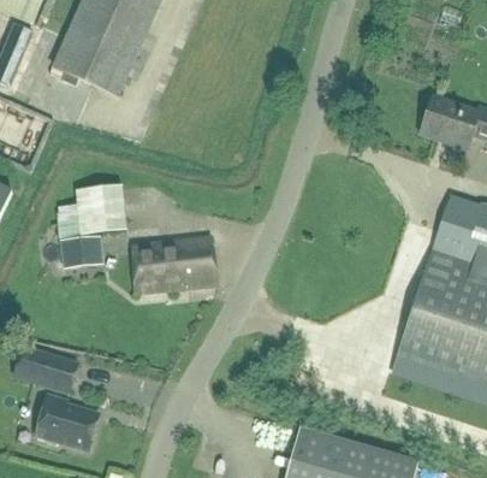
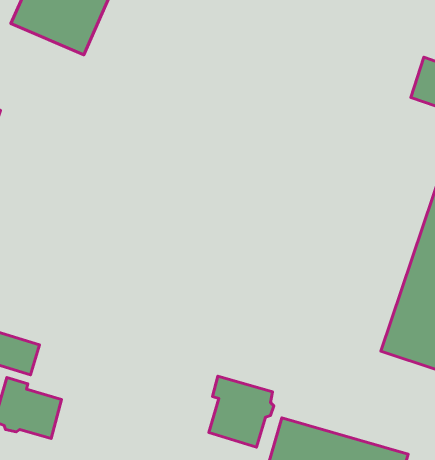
building: [60,185,125,265] -> none
building: [131,235,216,291] -> none
building: none -> [209,376,274,447]

